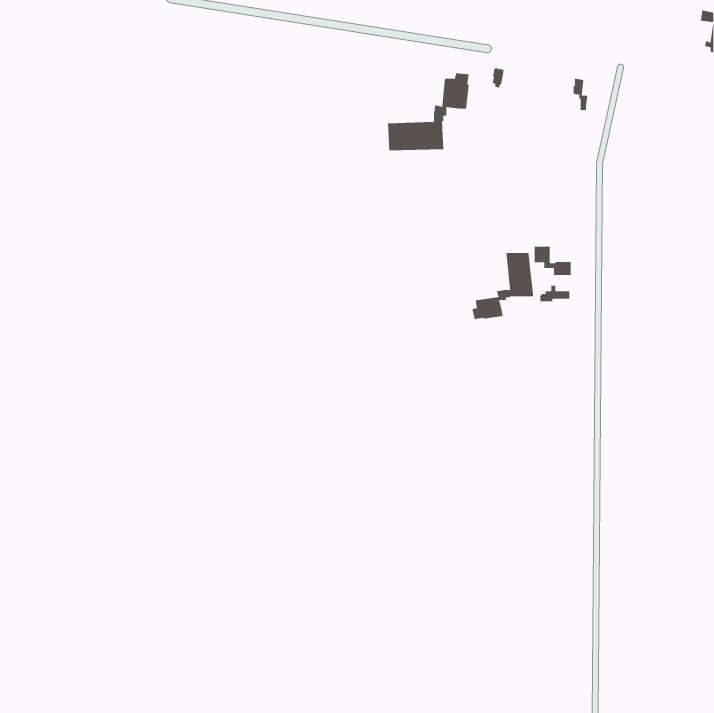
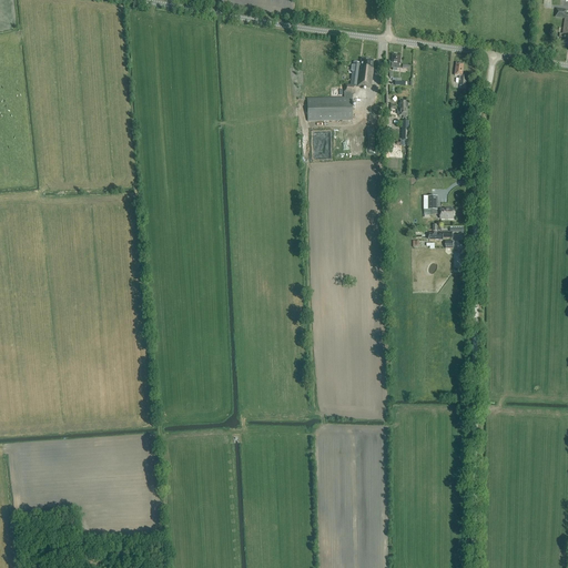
building: [472,252,534,320] -> none

